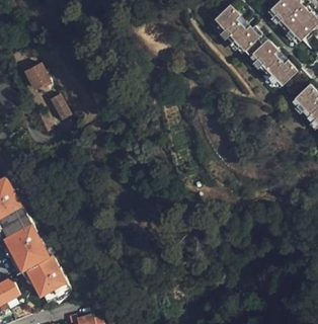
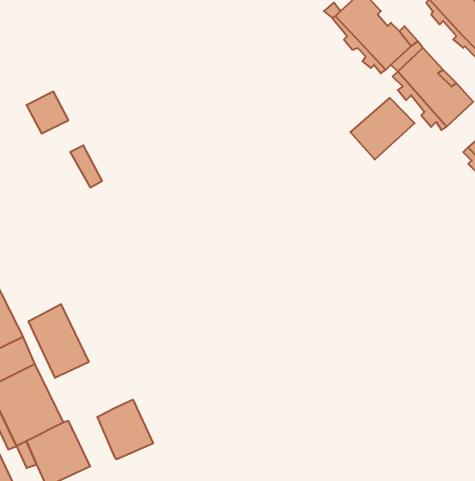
building: none -> [350,98,415,160]
building: none -> [29,304,89,378]
building: none -> [97,400,153,459]

